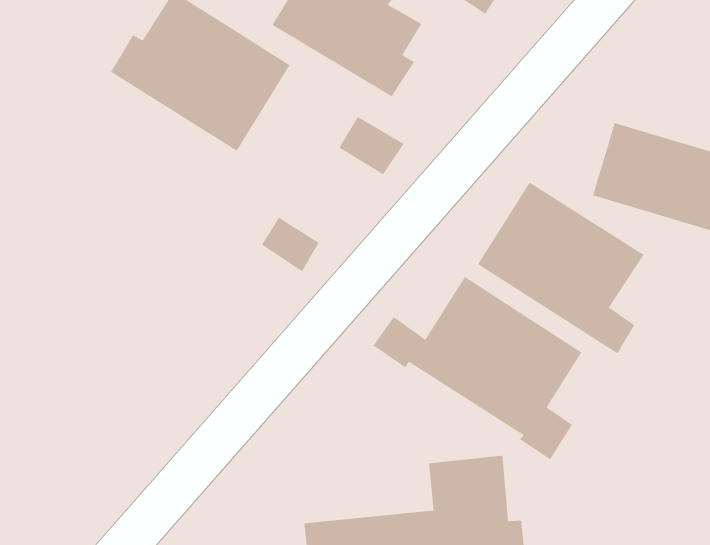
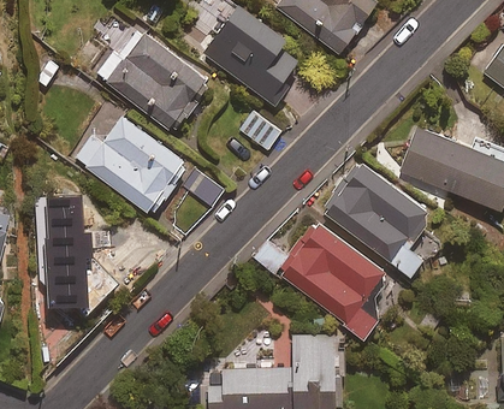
building: none -> [73,117,189,217]
building: none -> [35,202,114,318]

